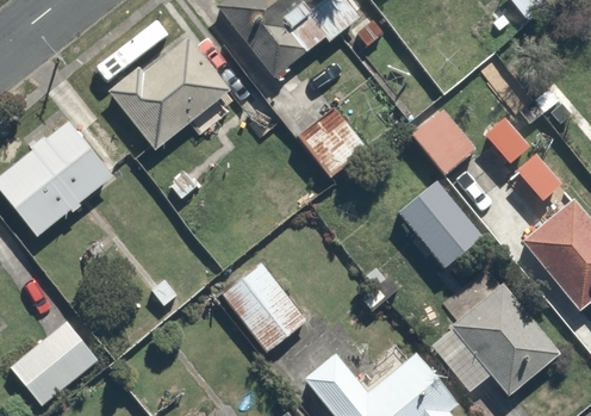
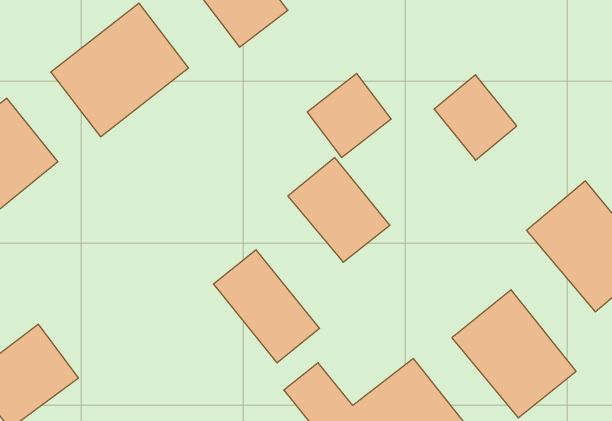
building: [411,180,499,271] -> [288,158,390,262]

